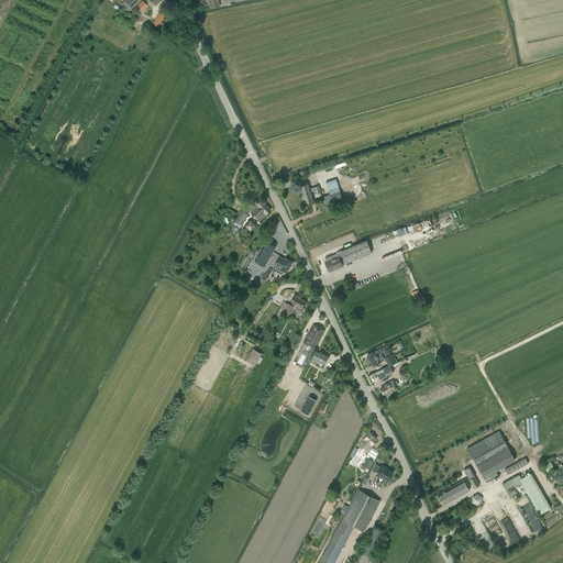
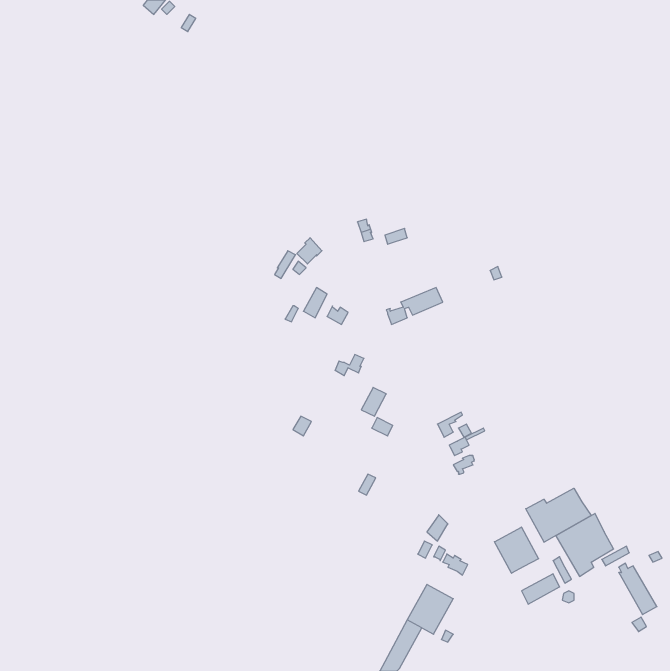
building: none -> [526,488,591,542]
building: none -> [494,527,539,573]

